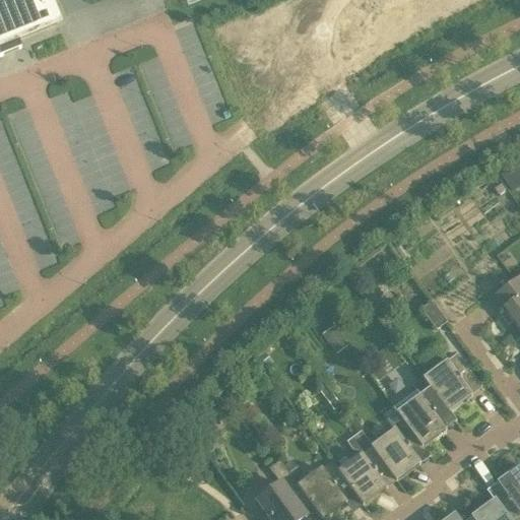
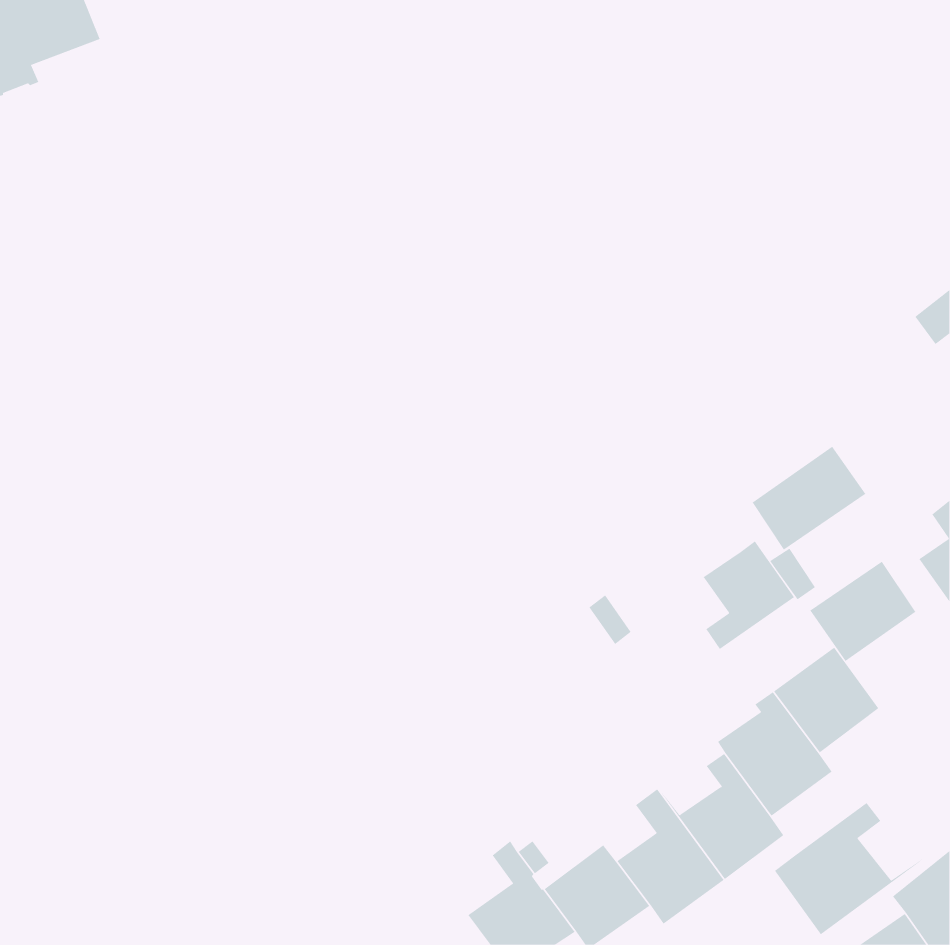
building: none -> [752,446,866,551]
building: none -> [703,541,795,650]
building: none -> [809,561,916,662]
building: none -> [774,802,924,935]

